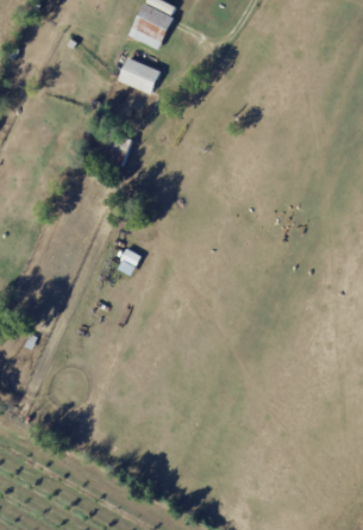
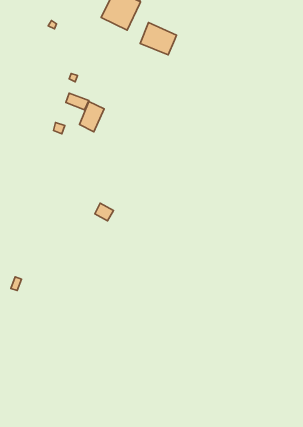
building: [118,56,159,93] -> [140,23,177,55]

